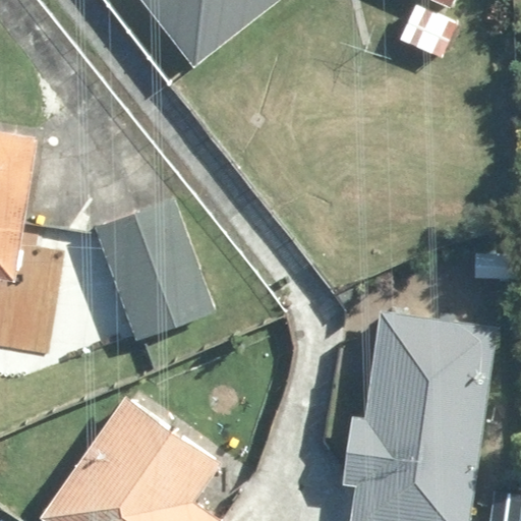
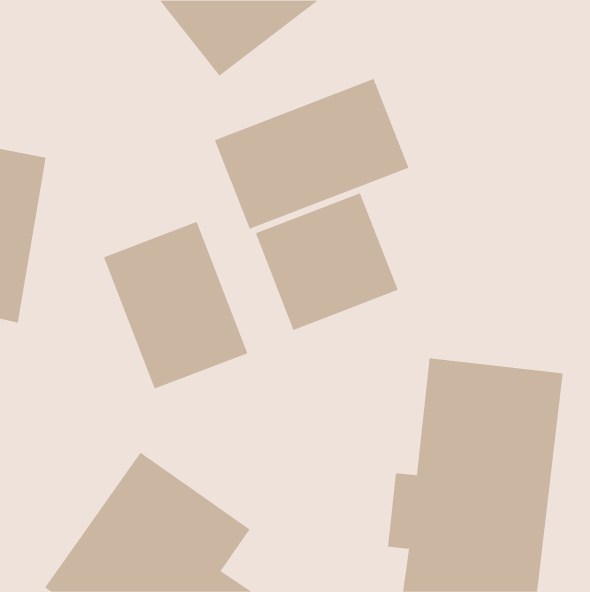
building: none -> [214,78,409,230]
building: none -> [255,192,398,331]

